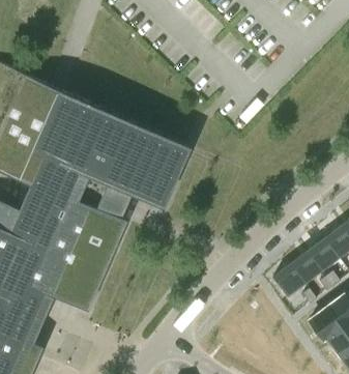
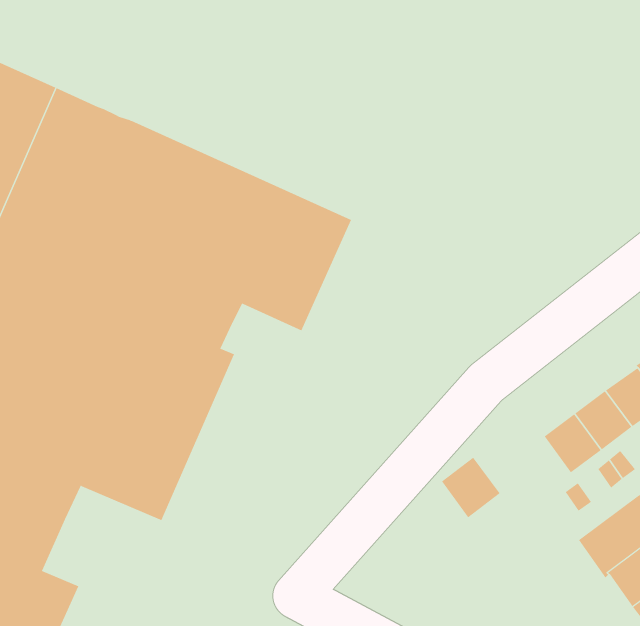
building: [279,268,311,301] -> [441,457,501,518]

